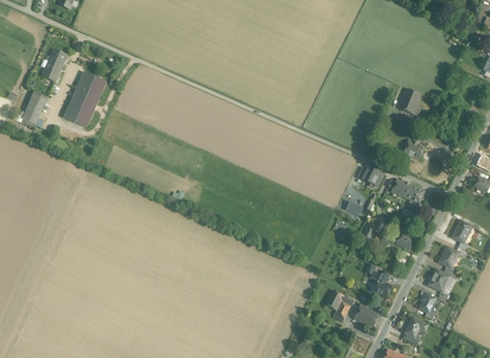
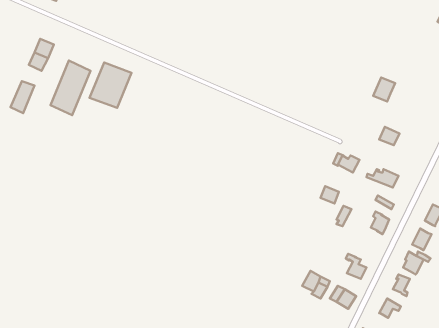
building: none -> [90,63,132,108]

